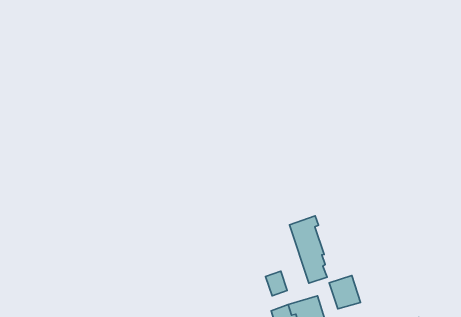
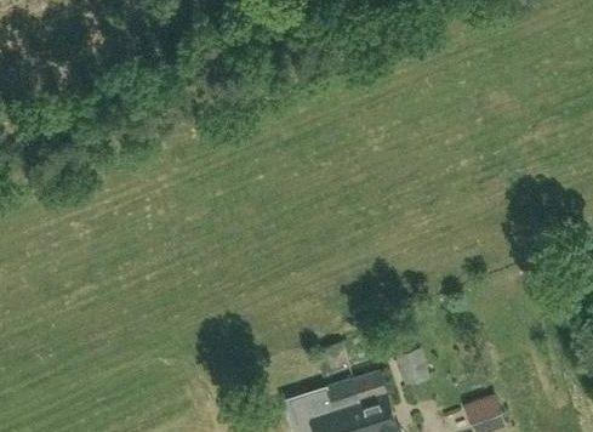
building: [289,216,327,283] -> none

